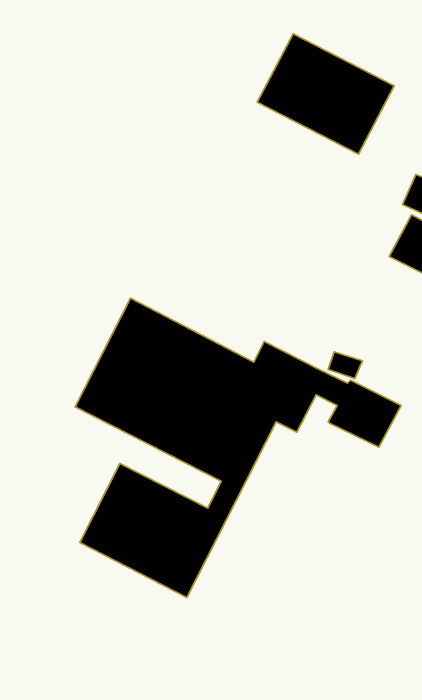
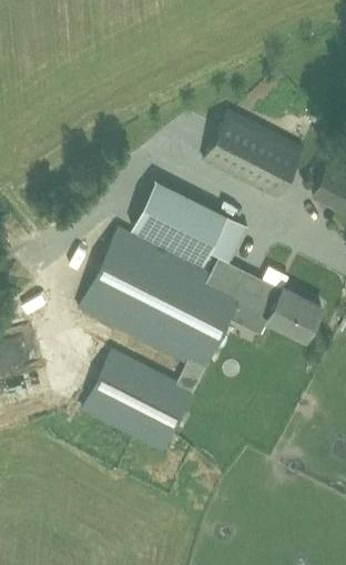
building: [257,34,394,154] -> [203,110,305,200]
building: none -> [132,180,248,266]

